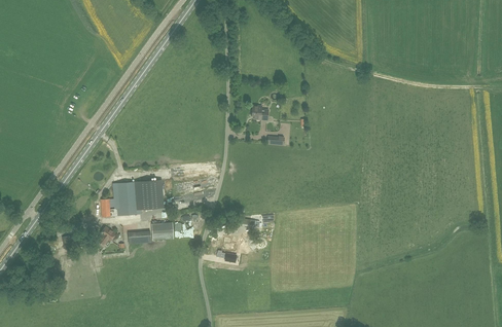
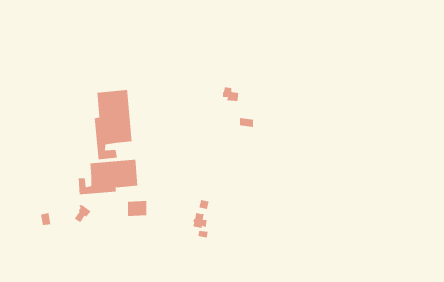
building: none -> [94,89,132,160]

